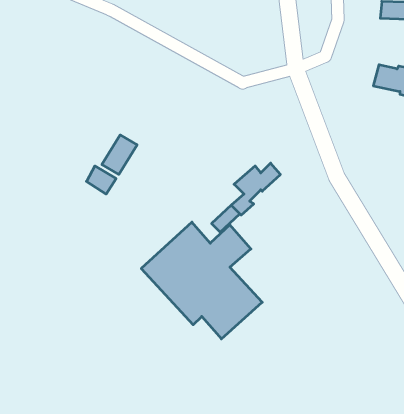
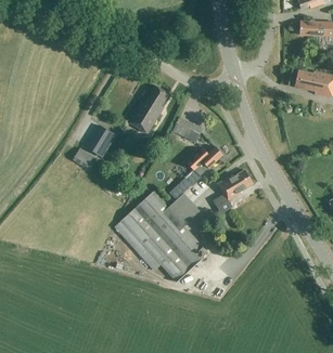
building: none -> [128,84,168,133]
building: none -> [171,116,203,142]
building: none -> [214,169,253,213]

